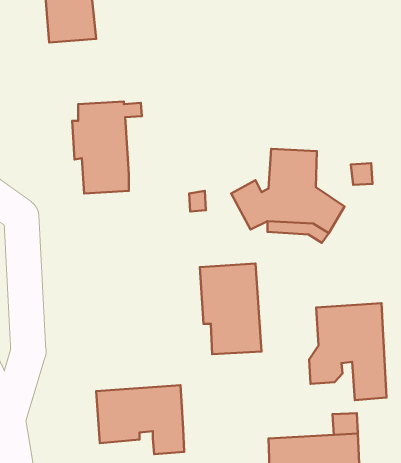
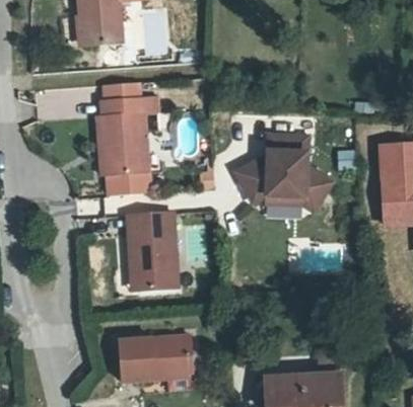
building: none -> [110,170,149,194]
building: [200,264,262,354] -> [127,211,179,287]
building: [309,303,386,400] -> none

